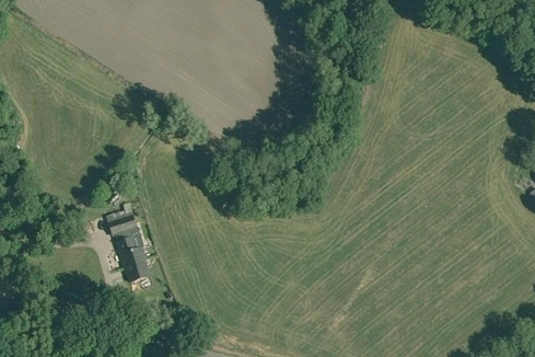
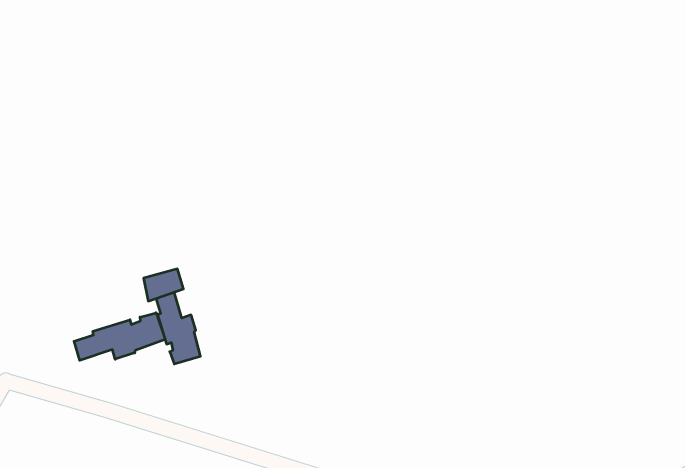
building: none -> [74,313,165,360]

